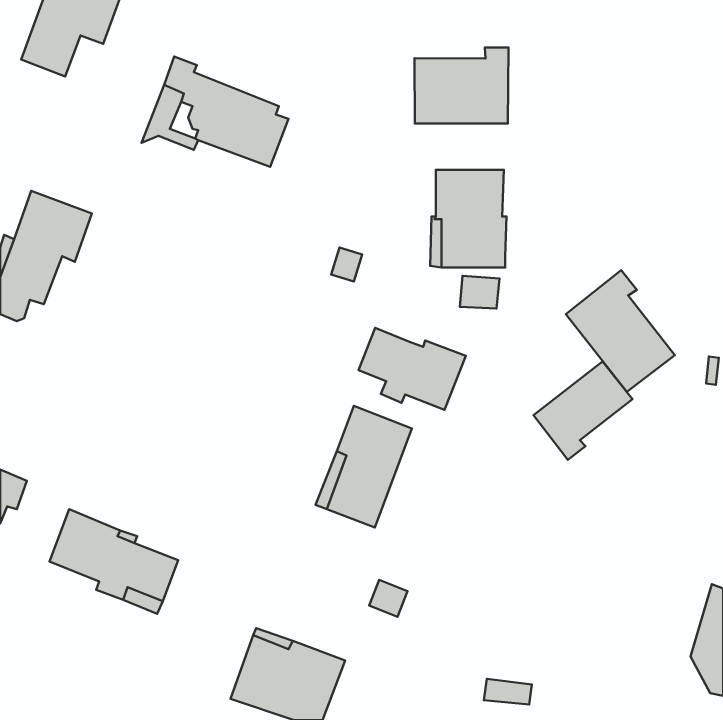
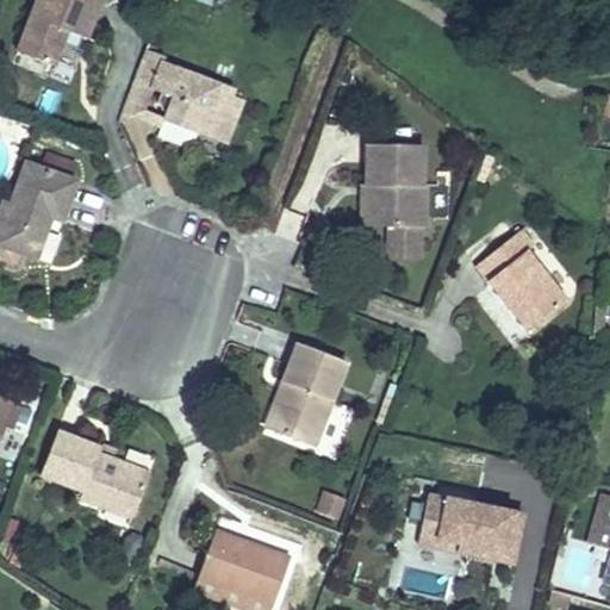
building: [414,47,508,123] -> none
building: [358,328,466,410] -> none
building: [534,361,633,460] -> none
building: none -> [405,499,513,561]

